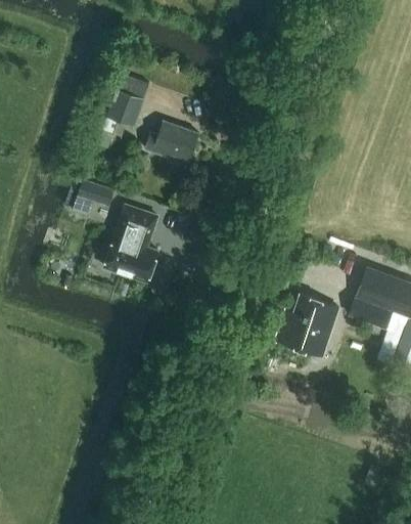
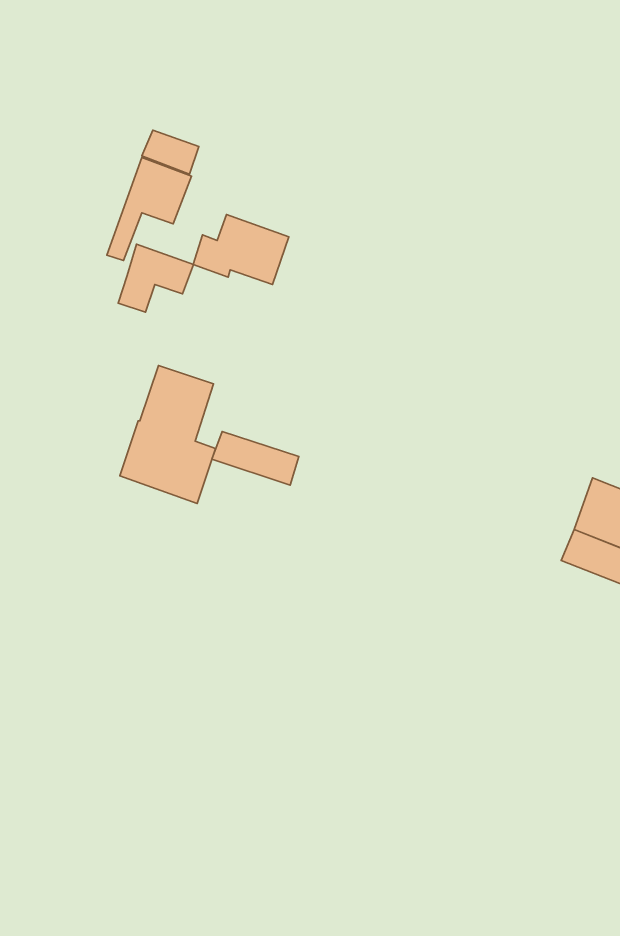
building: [73,178,115,216] -> [118,244,193,312]
building: none -> [212,432,299,485]
building: [274,296,337,356] -> none

